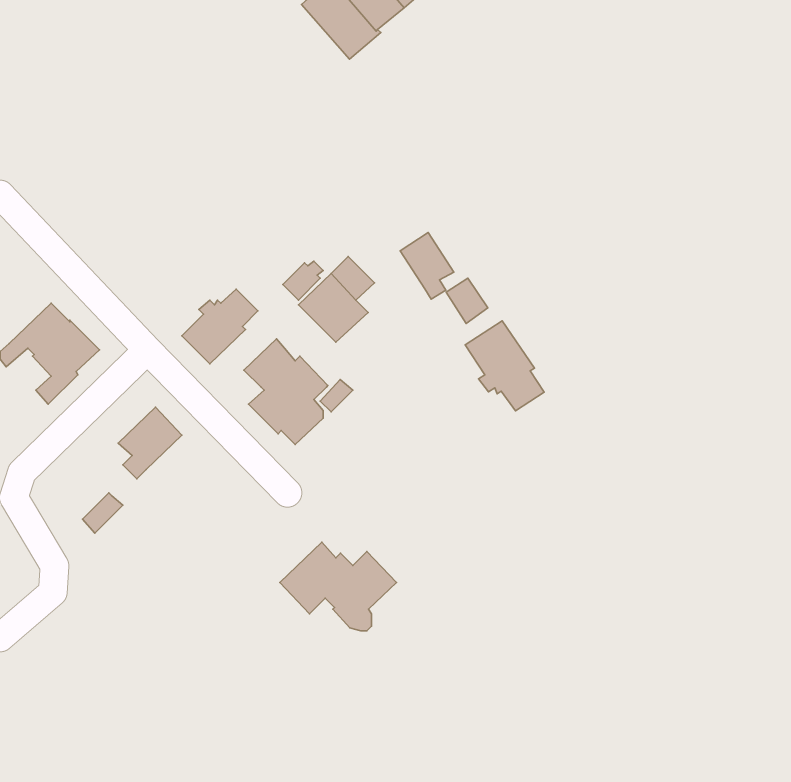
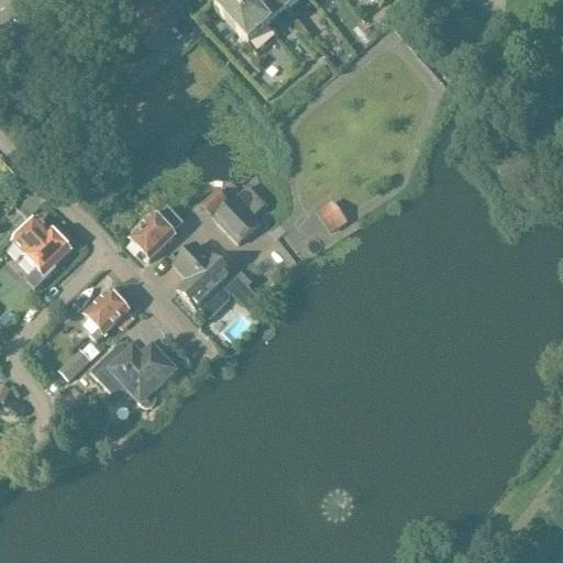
building: [400,233,454,299] -> none
building: [465,321,544,411] -> none
building: [280,542,397,631] -> [92,341,175,404]

